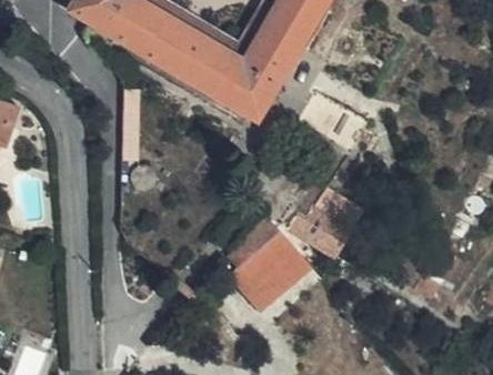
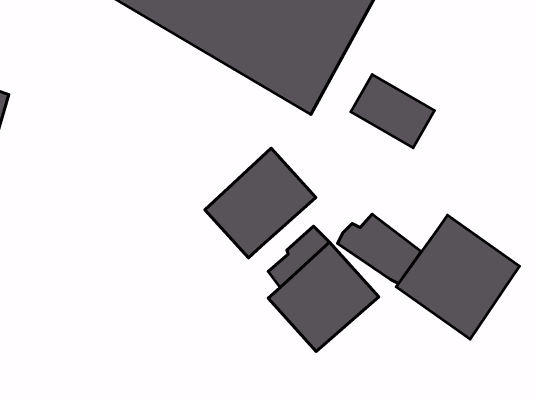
building: none -> [205,148,316,258]
building: none -> [396,215,520,339]

